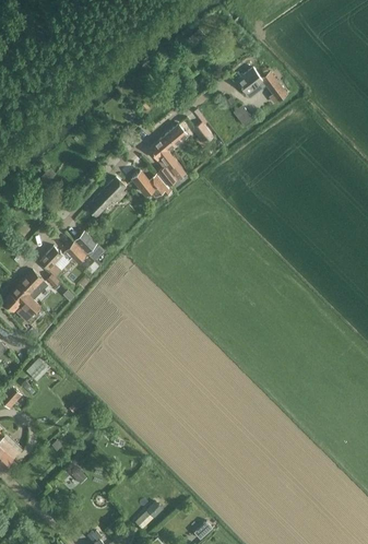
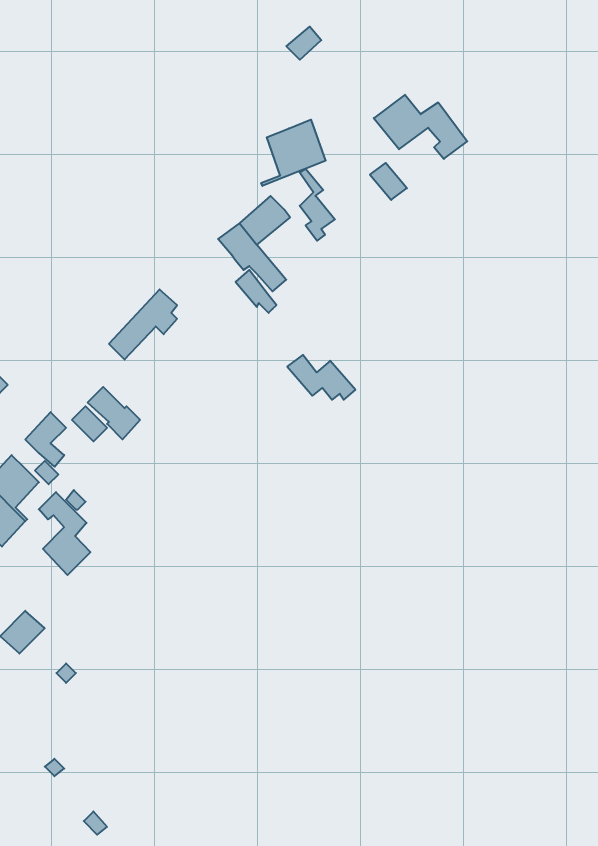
building: none -> [261,120,326,186]
building: [131,172,169,197] -> [287,355,355,400]
building: none -> [39,492,90,575]

